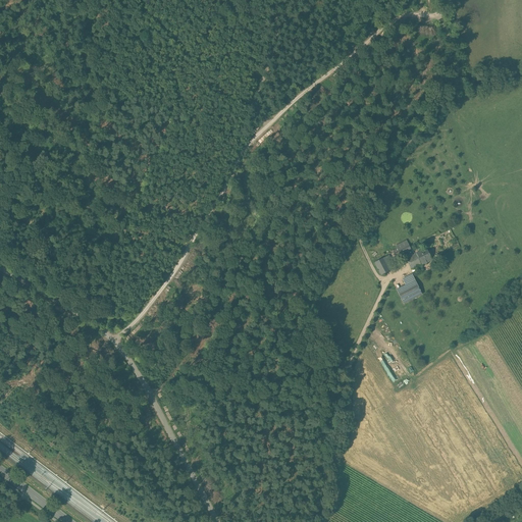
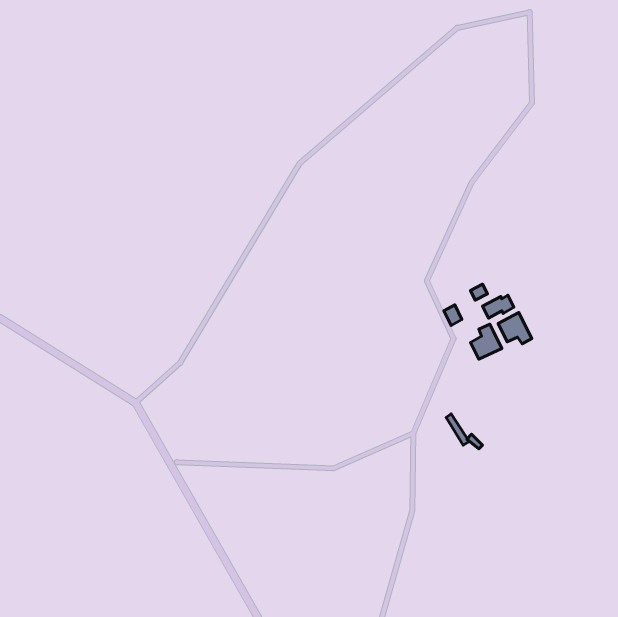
building: none -> [498,313,532,344]

